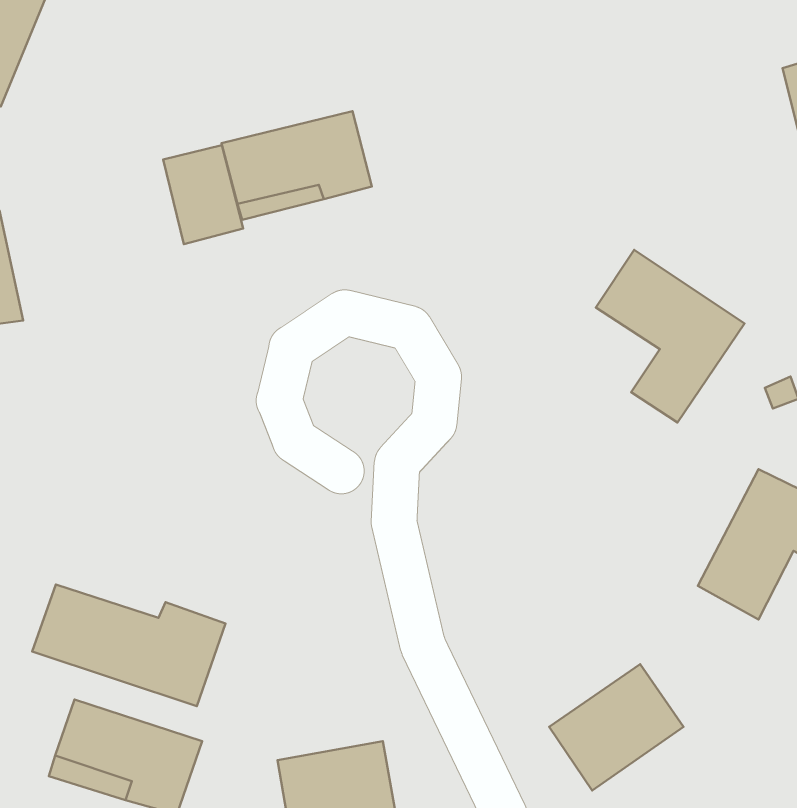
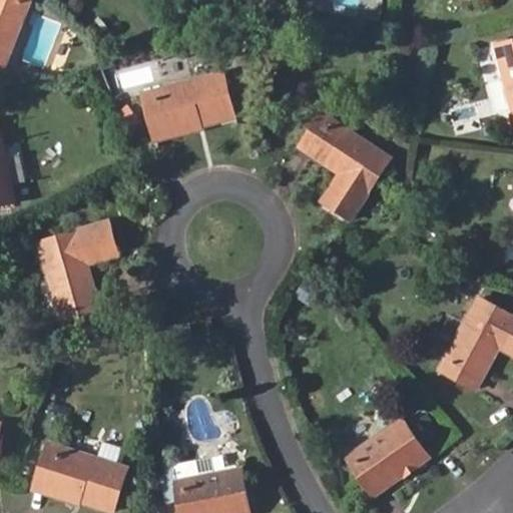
building: [163,145,243,244] -> none
building: [596,250,745,423] -> [298,112,391,220]
building: none -> [38,222,117,322]
building: [32,585,226,706] -> none

